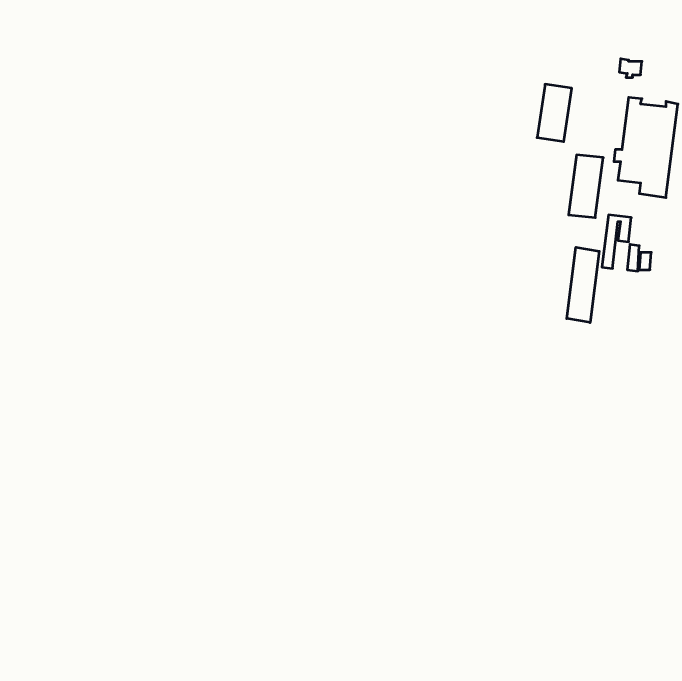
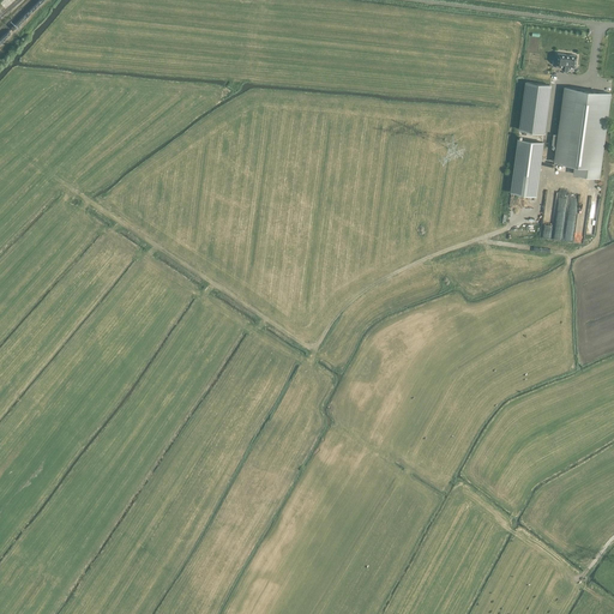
building: [537,84,572,142] -> [519,83,550,134]
building: [567,247,599,323] -> none

